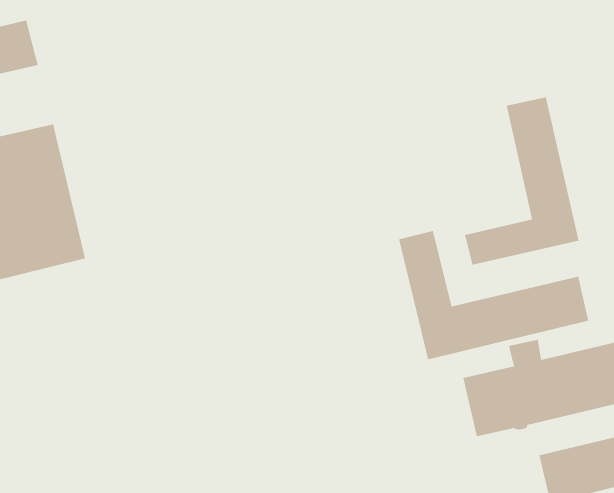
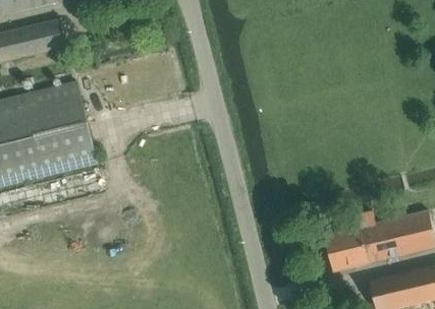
building: [465,97,579,266] -> none
building: [398,230,589,360] -> none

